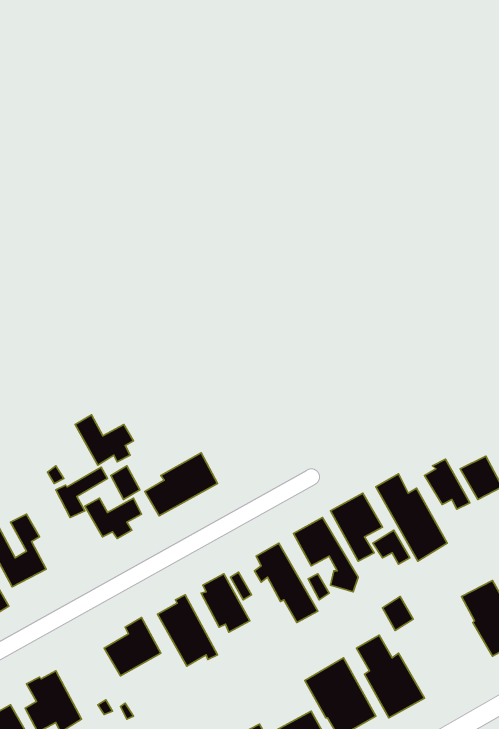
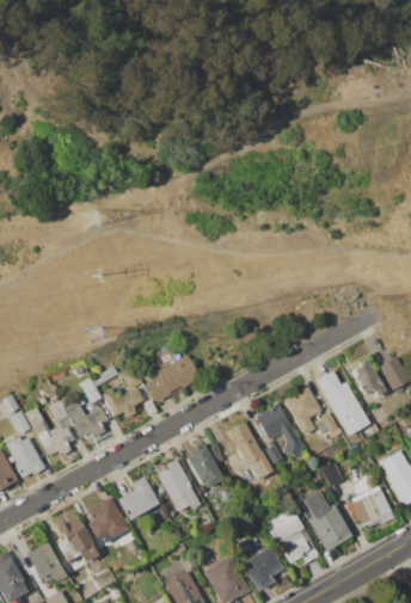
building: [75,415,133,465] -> [65,400,108,437]
building: none -> [349,486,394,527]
building: none -> [87,497,128,542]

